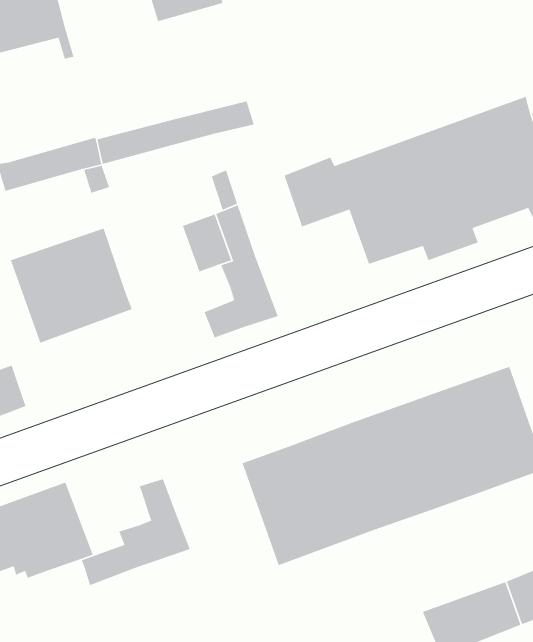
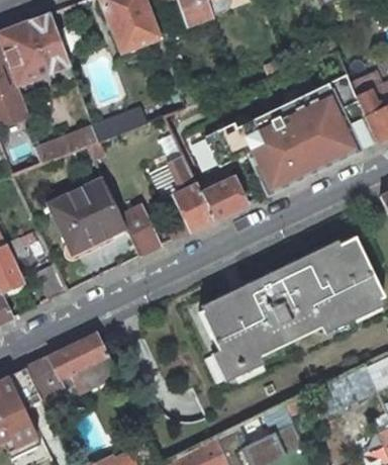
building: none -> [196,171,245,221]
building: none -> [120,206,160,256]
building: [81,478,191,586] -> none

